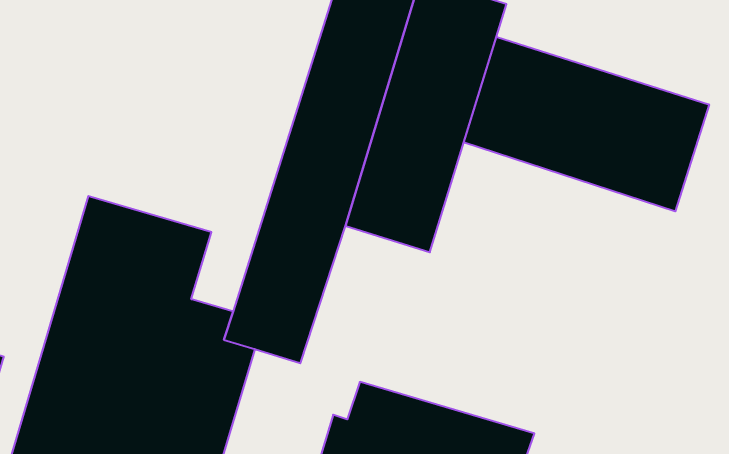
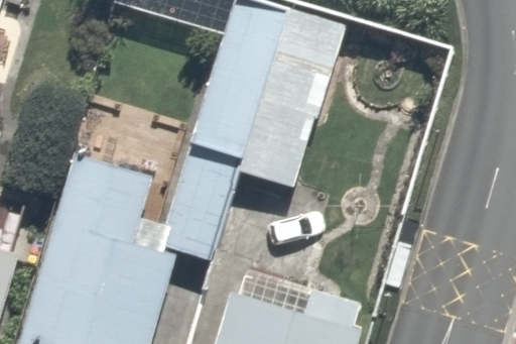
building: [464,37,709,211] -> none

